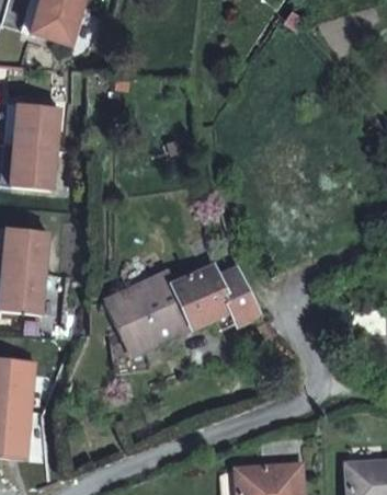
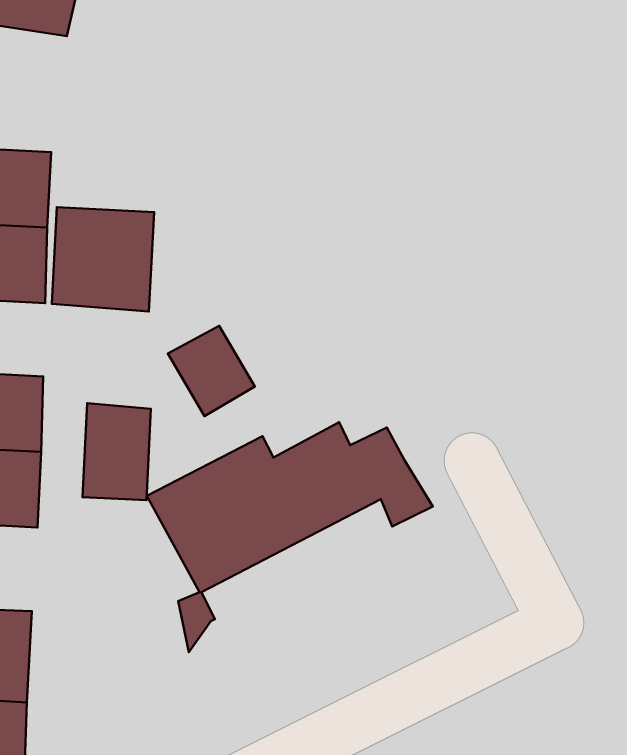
building: none -> [52,207,154,311]
building: none -> [168,326,255,416]
building: none -> [83,403,151,500]

